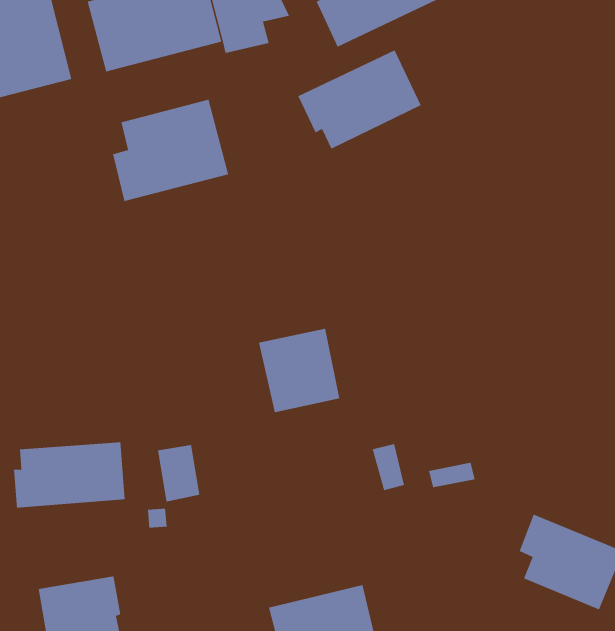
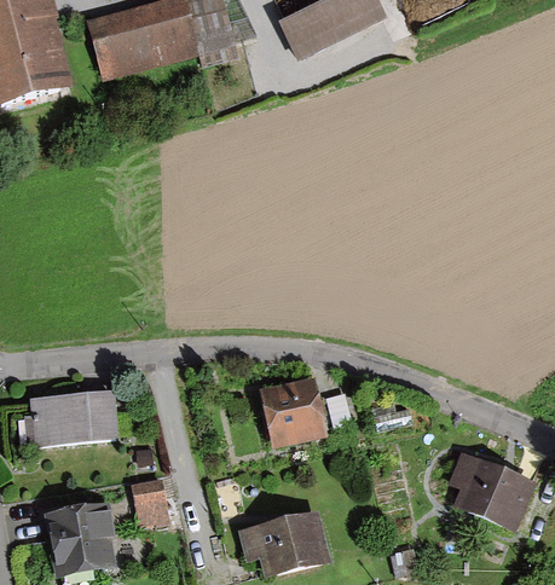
building: [297,50,422,150] -> none
building: [113,99,229,202] -> none
building: [258,328,340,413] -> [259,376,328,447]
building: [157,445,200,502] -> [132,479,168,527]

